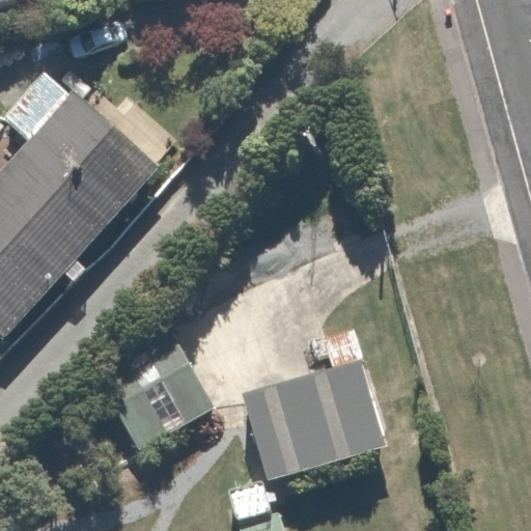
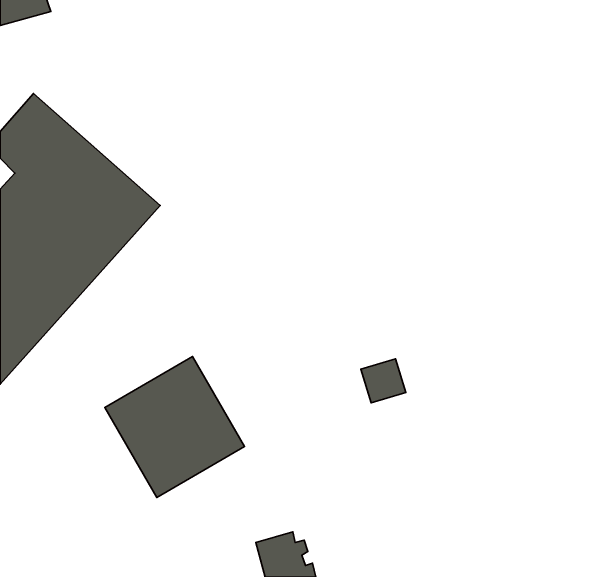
building: [242,358,390,479] -> none

